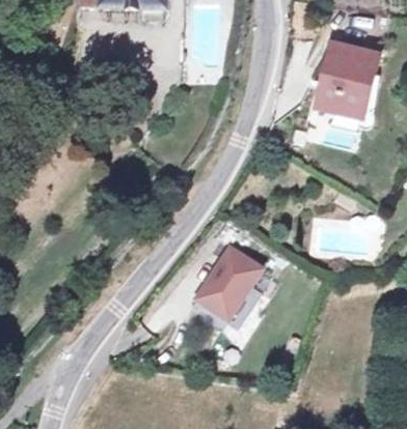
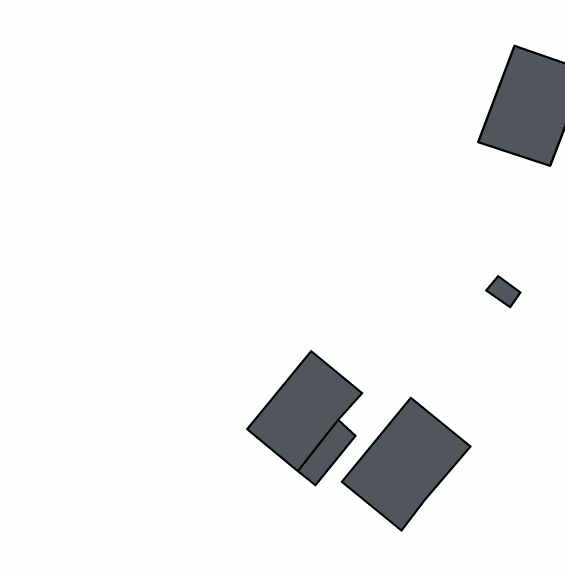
building: none -> [342,398,471,530]

